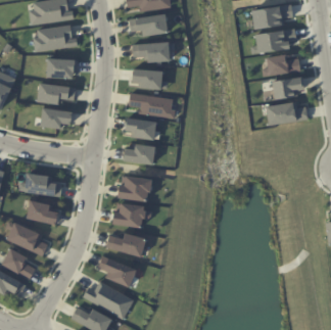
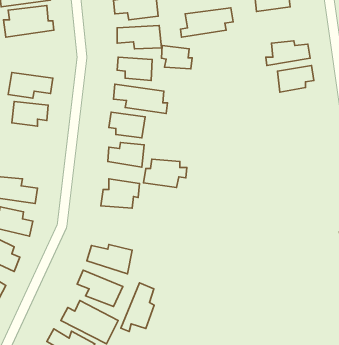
building: [250,29,296,54] -> [180,8,233,37]
building: [46,58,78,80] -> none
building: none -> [161,45,192,69]
building: [266,102,308,126] -> none
building: [112,203,150,228] -> [144,159,187,187]
building: none -> [121,283,154,331]

